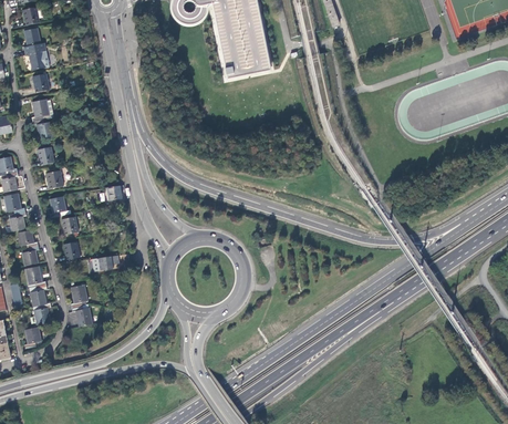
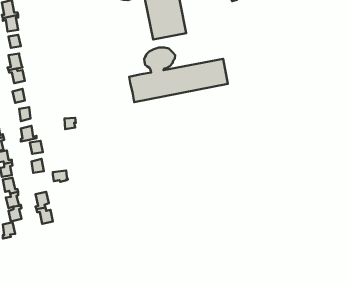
building: none -> [129,47,228,102]

